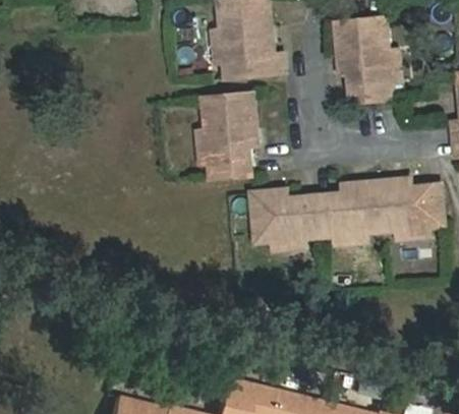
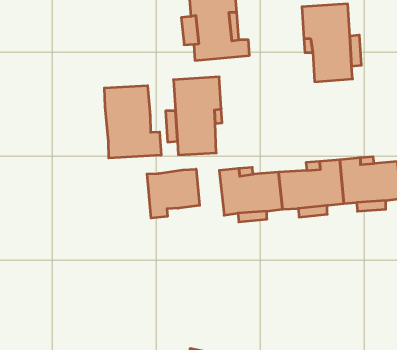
building: none -> [104,86,161,158]
building: none -> [147,169,200,218]

